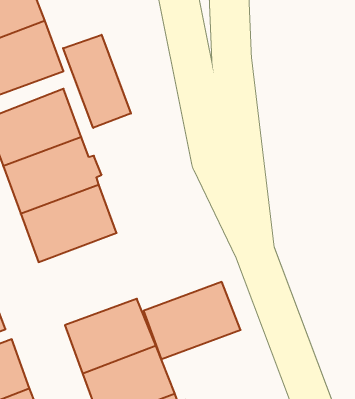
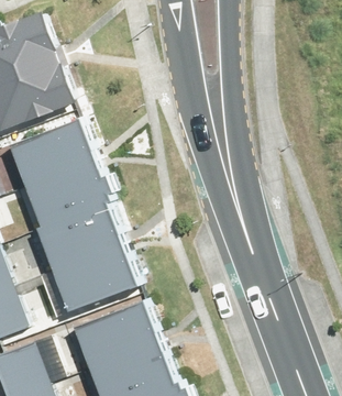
building: [63,35,131,128] -> none
building: [143,282,241,359] -> [55,240,140,307]

